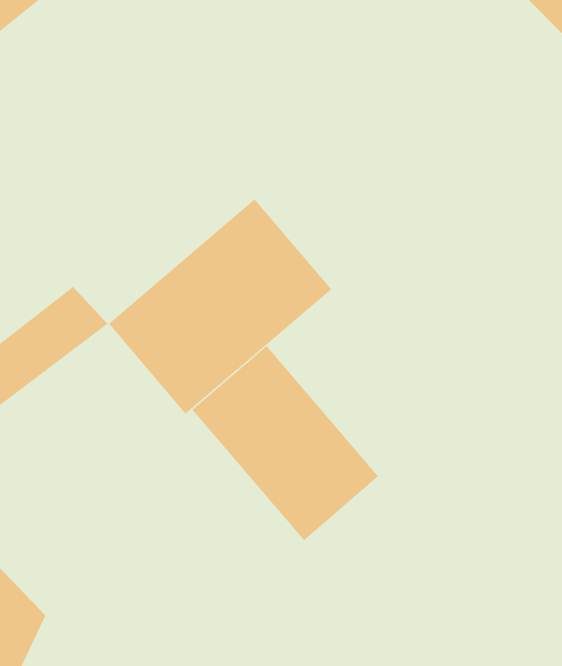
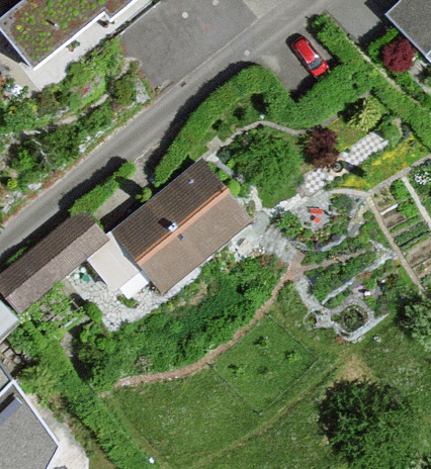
building: [191,345,379,541] -> none

